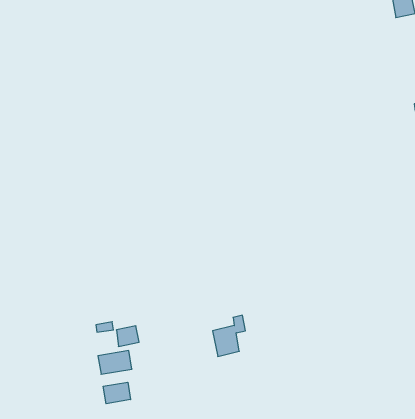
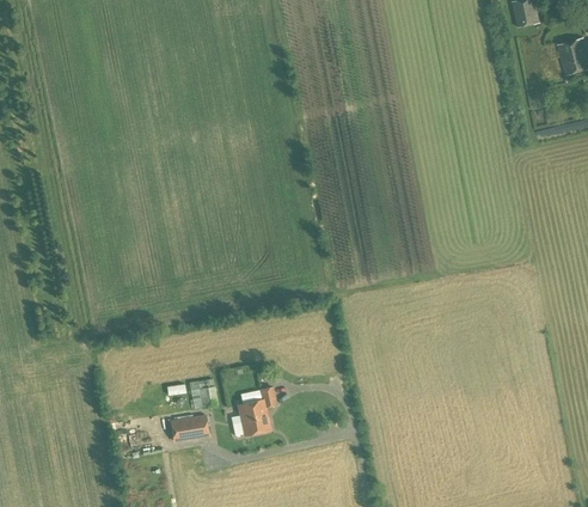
building: [213,315,245,356] -> [238,386,276,434]
building: [103,382,131,404] -> none

